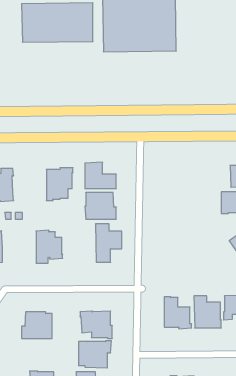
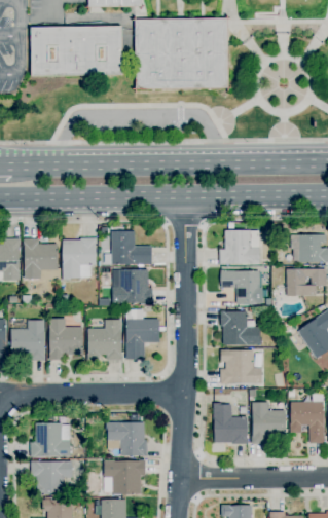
building: none -> [220,230,259,264]
building: none -> [24,238,61,280]
building: none -> [220,269,263,304]
building: none -> [220,310,262,344]
building: none -> [11,320,46,360]
building: none -> [87,320,122,360]
building: none -> [220,348,262,383]
building: none -> [31,460,72,495]

